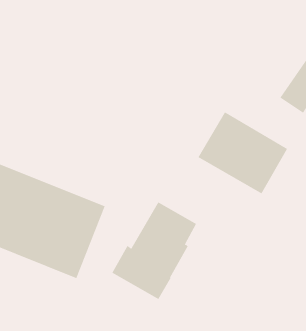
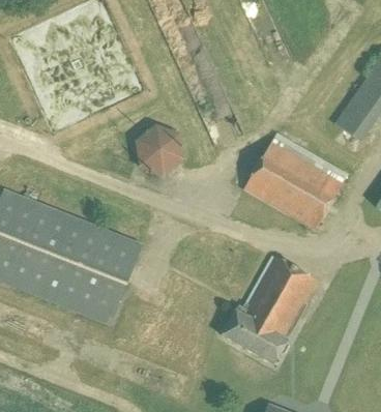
building: none -> [136,123,184,176]
building: [111,201,197,300] -> [222,255,317,364]

